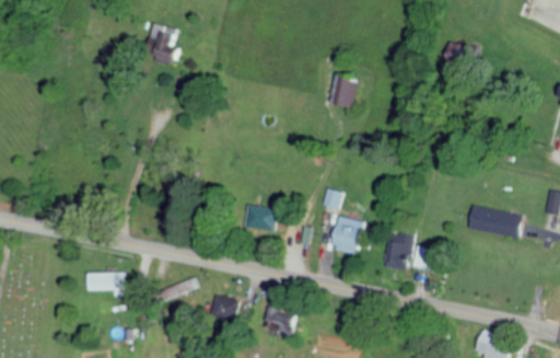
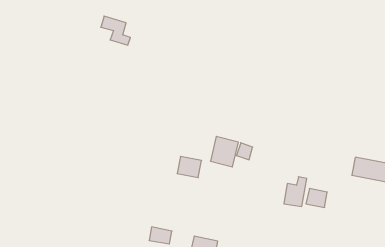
building: [332,74,358,106] -> none
building: [329,216,365,255] -> [210,136,238,167]
building: [88,272,124,296] -> none

